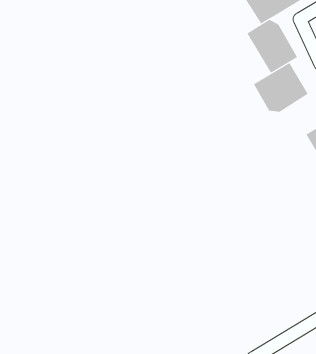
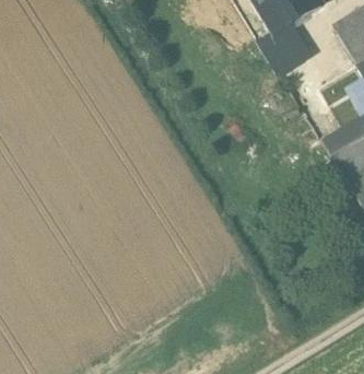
building: [253,62,308,112] -> none

